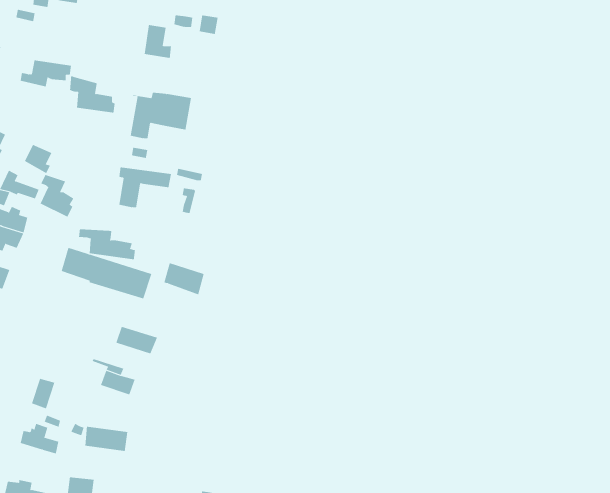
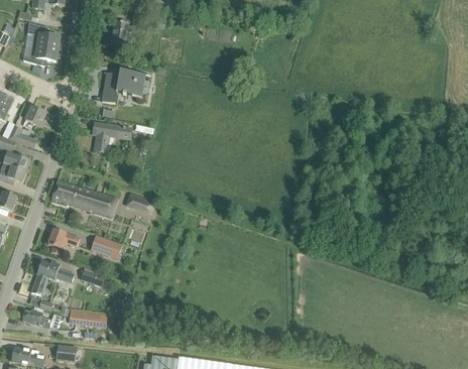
building: [69,75,116,113] -> [27,23,61,50]
building: [40,174,74,218] -> none
building: [79,229,136,260] -> none
building: none -> [47,228,79,254]
building: none -> [36,260,74,283]

